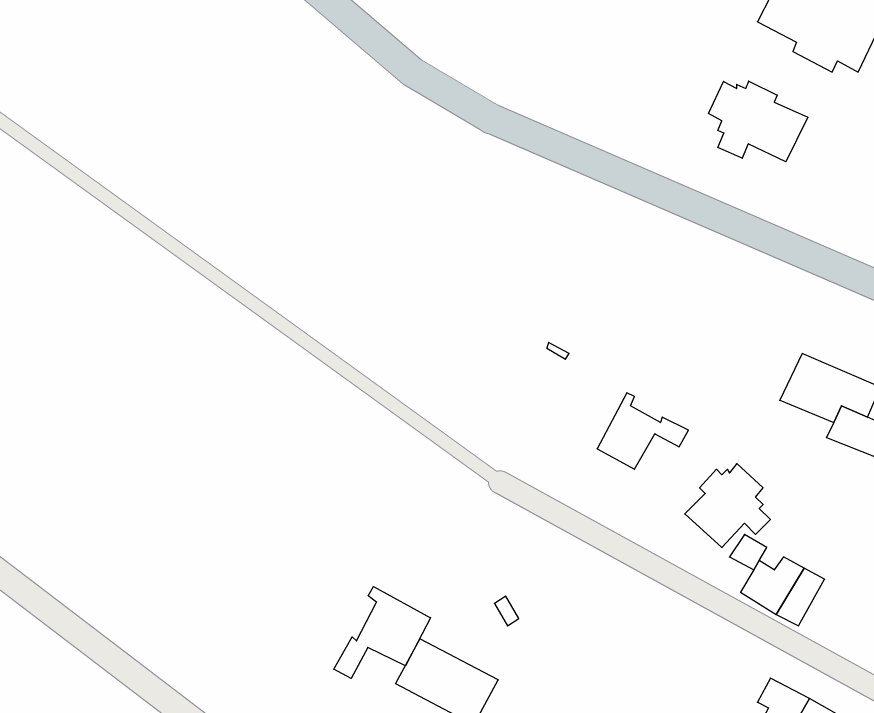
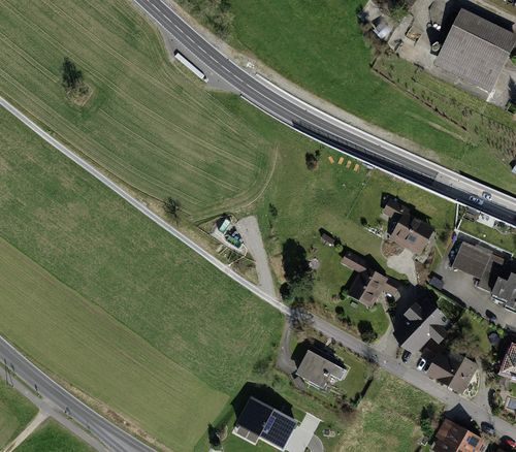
building: [709,81,808,162] -> none
building: none -> [385,199,428,253]
building: none -> [297,347,345,385]
building: [334,587,431,678] -> none

